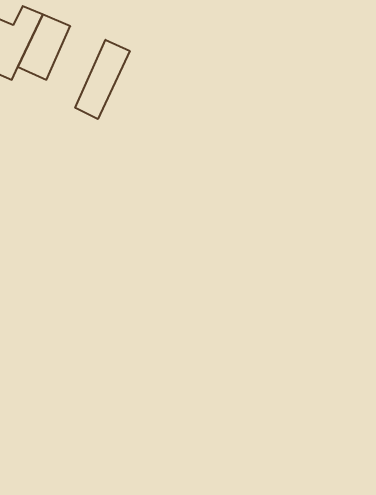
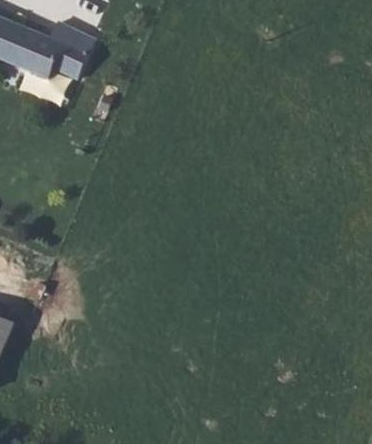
building: [75,40,130,119] -> none

